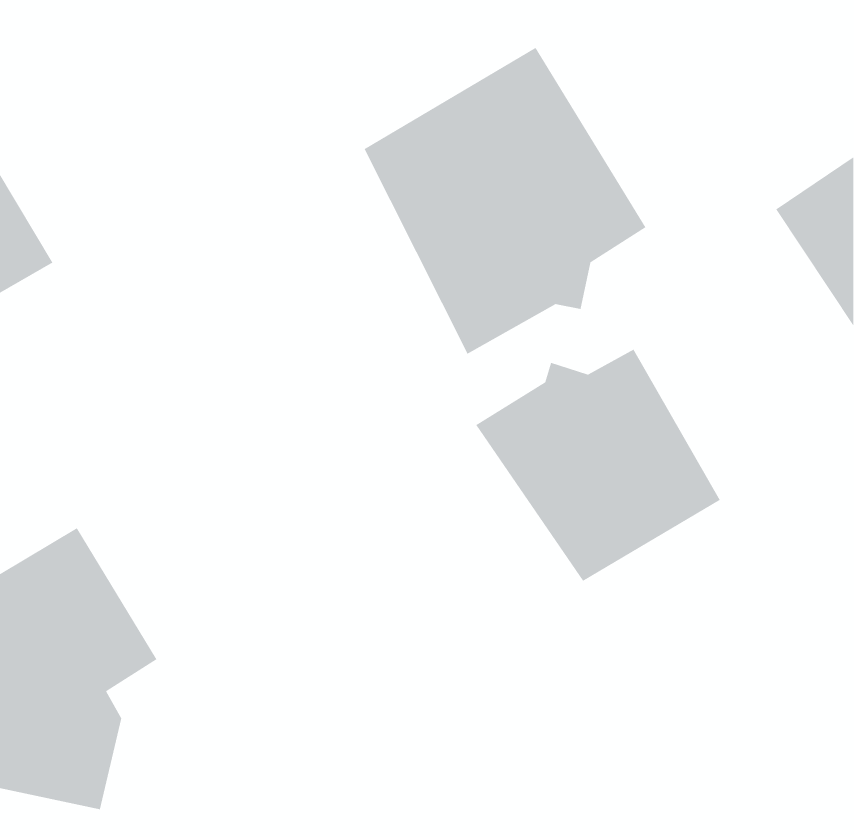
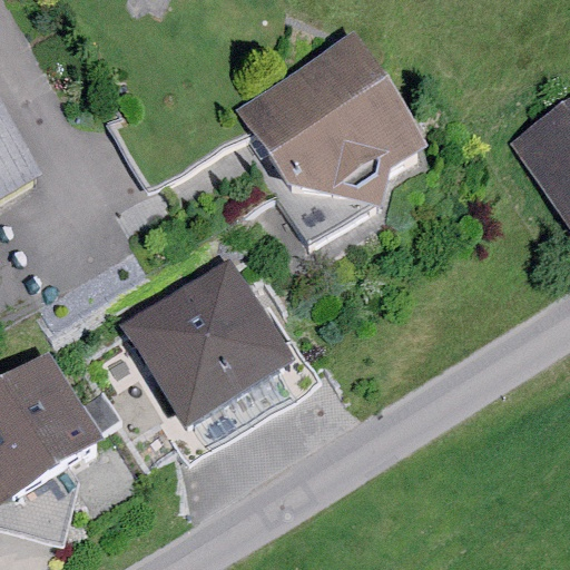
building: [475,348,721,582] -> none
building: none -> [122,258,291,424]

